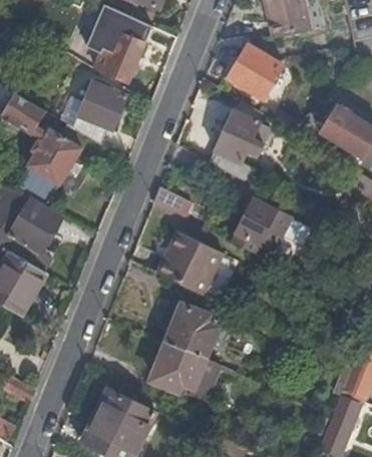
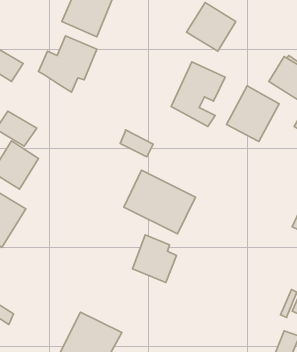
building: [27,123,85,183] -> none
building: [231,197,290,260] -> [226,86,279,141]
building: [150,341,204,389] -> none

